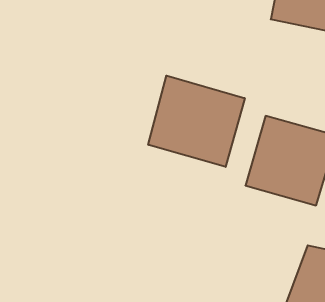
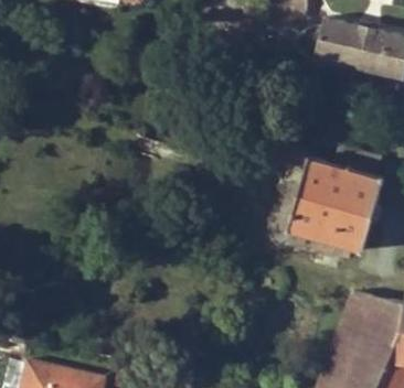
building: [148,76,245,167] -> none

